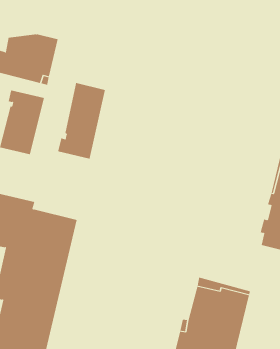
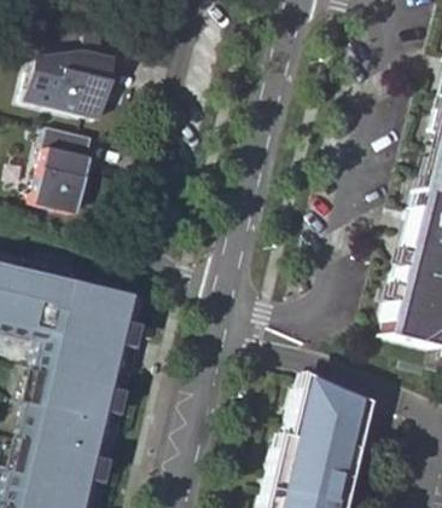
building: [58,82,105,160] -> none

